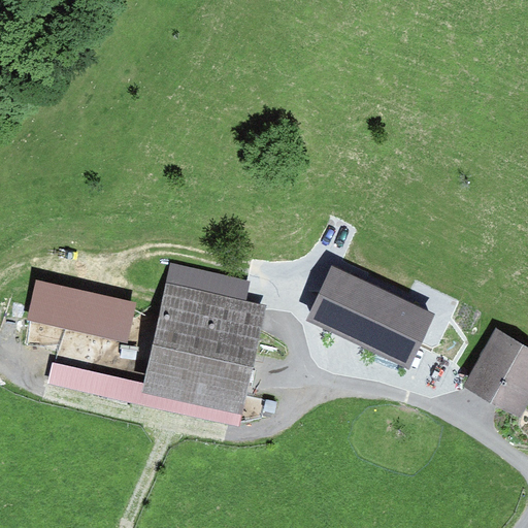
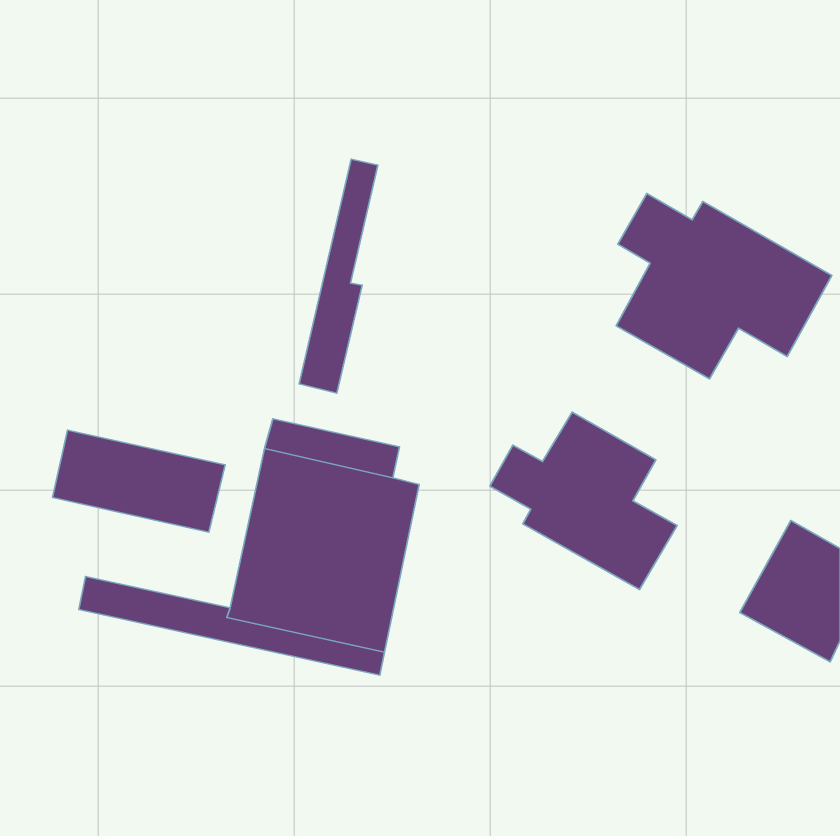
building: none -> [299,159,378,393]
building: none -> [616,194,832,379]

